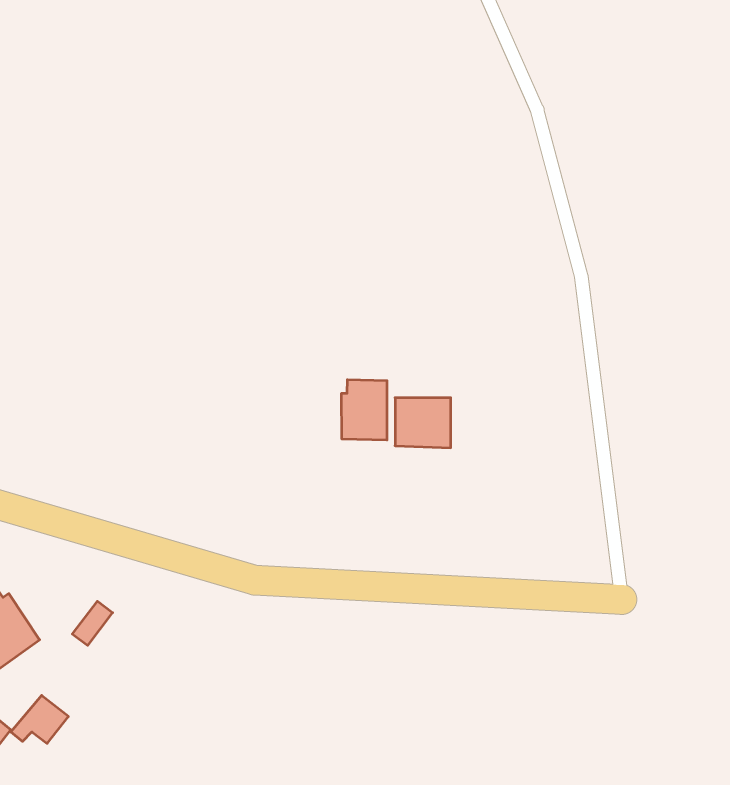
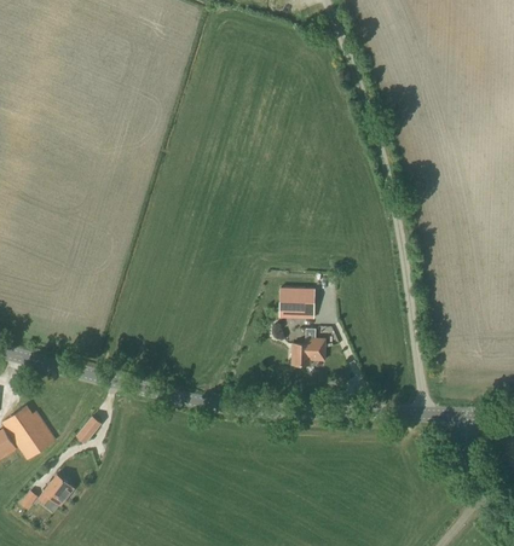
building: [342,380,387,440] -> none
building: none -> [291,338,324,365]

